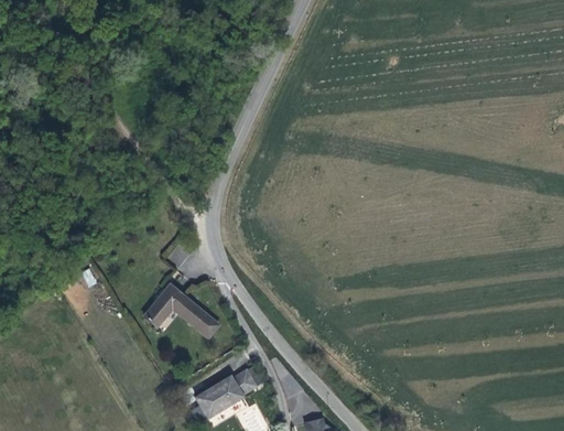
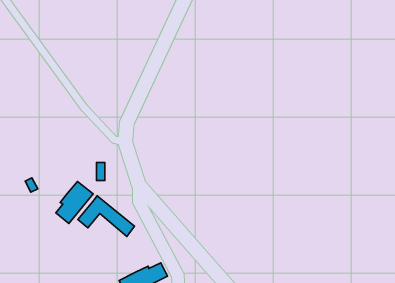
building: none -> [56,182,93,223]

